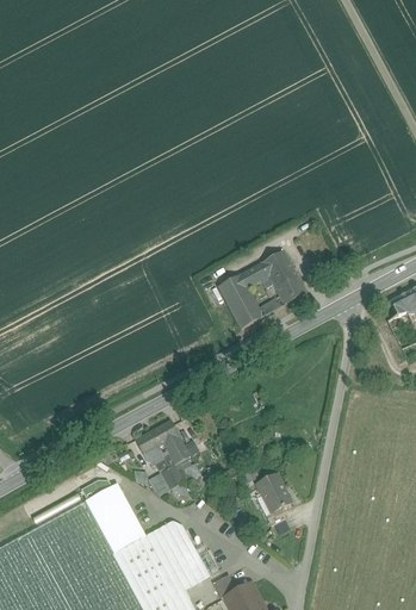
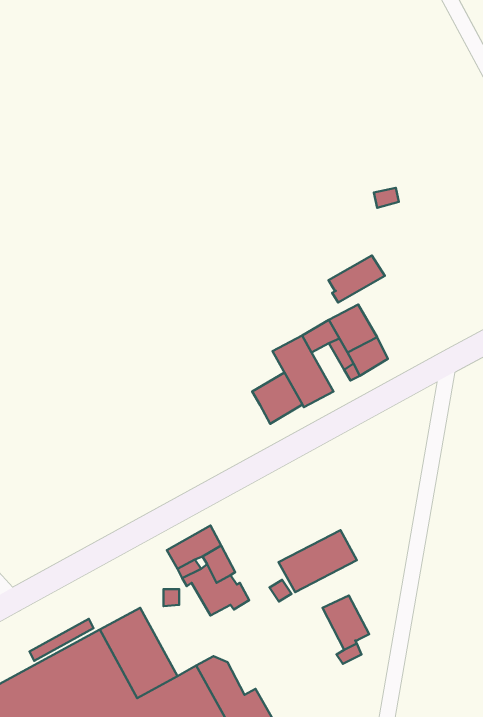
building: none -> [329,256,385,302]
building: none -> [252,372,302,424]
building: none -> [279,530,357,592]

